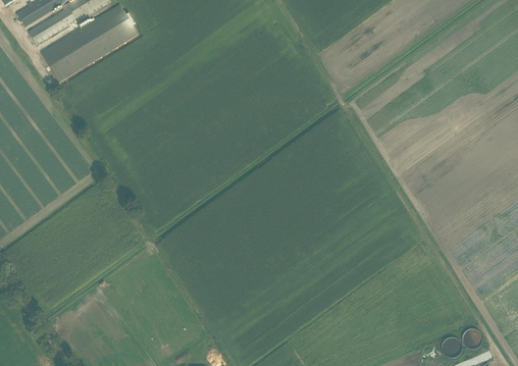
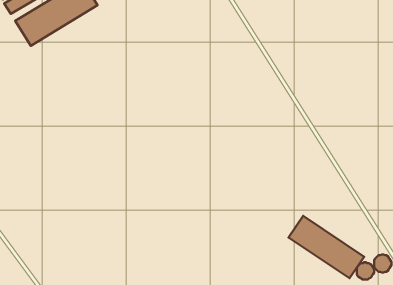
building: none -> [288,216,364,278]

